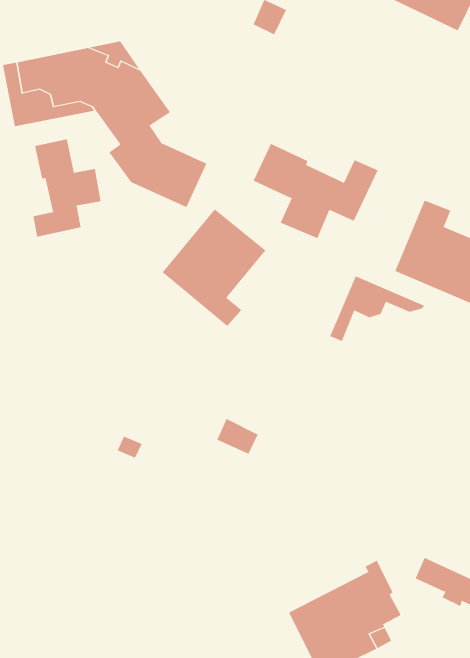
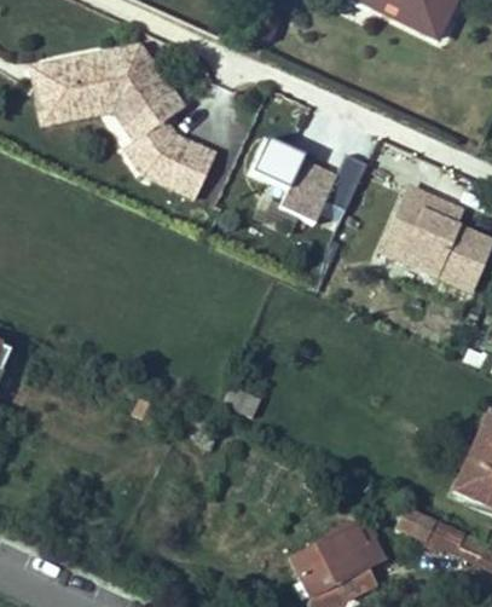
building: [33,138,101,238] -> none
building: [162,208,266,327] -> none
building: [329,275,425,342] -> none

